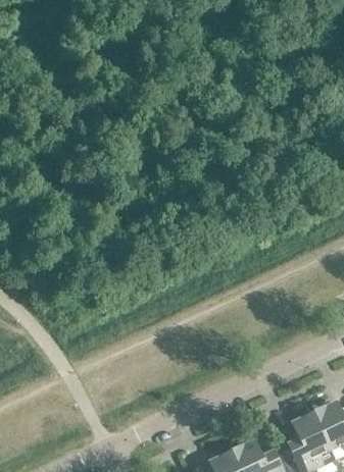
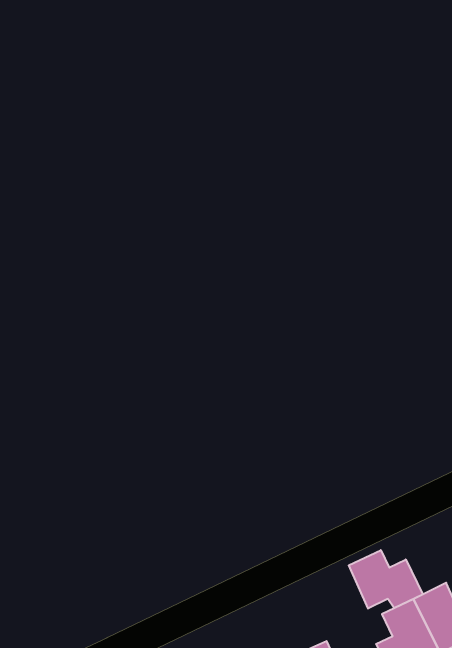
building: none -> [349,550,423,609]

